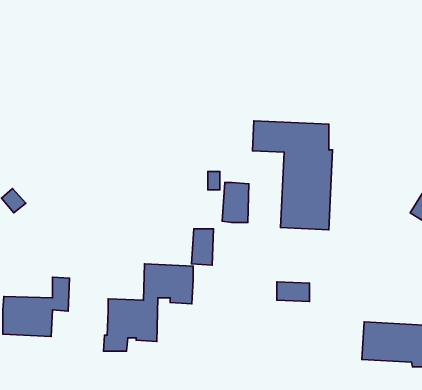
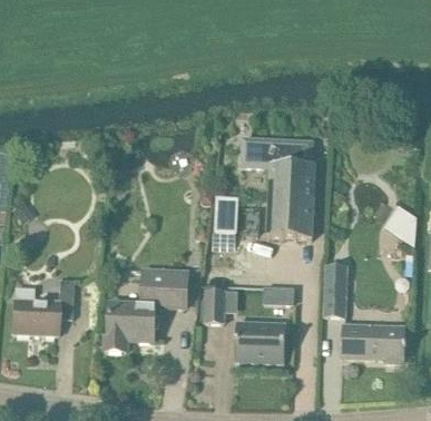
building: [192,229,213,265] -> [205,290,225,323]
building: none -> [323,264,349,317]
building: none -> [235,322,285,362]

